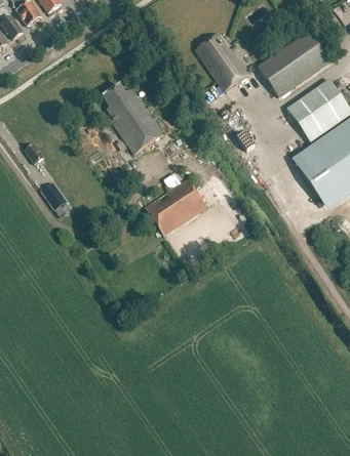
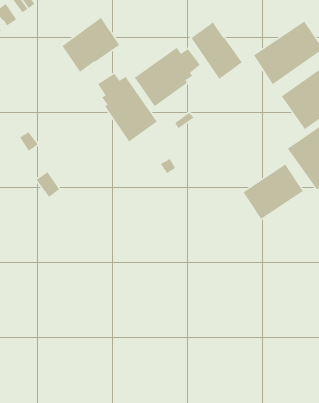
building: none -> [62,17,120,73]
building: none -> [134,47,201,107]
building: [145,178,206,235] -> [242,164,304,220]

